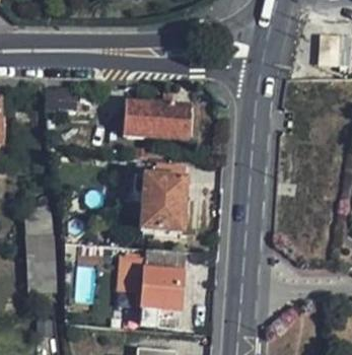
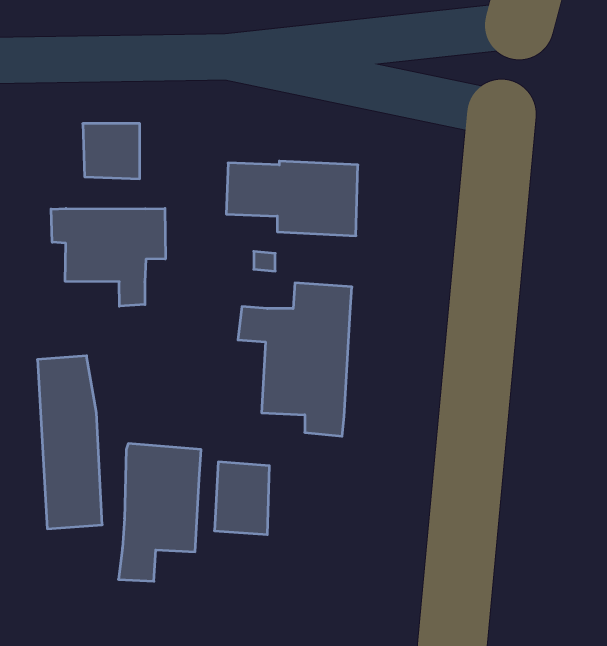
building: none -> [51,208,165,306]
building: [139,256,182,327] -> [118,444,201,581]

